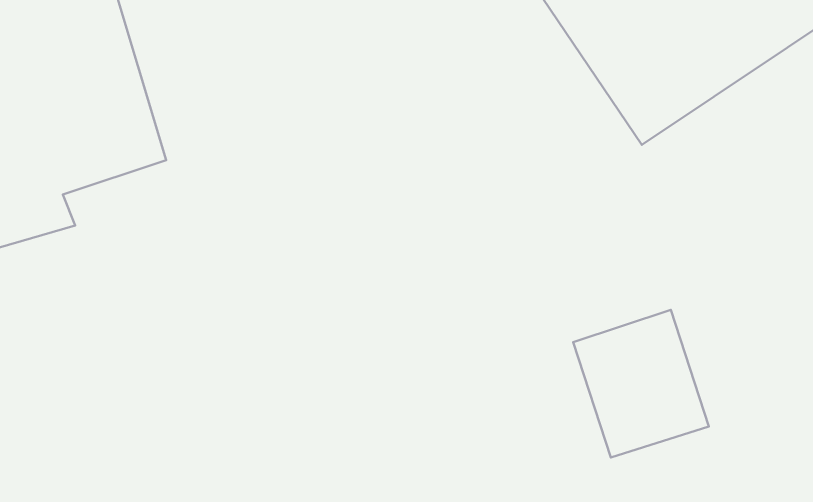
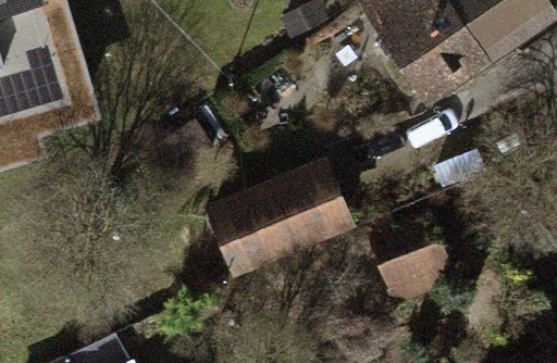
building: none -> [201,162,356,287]

